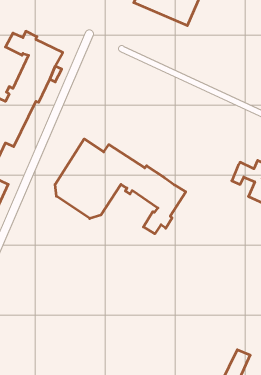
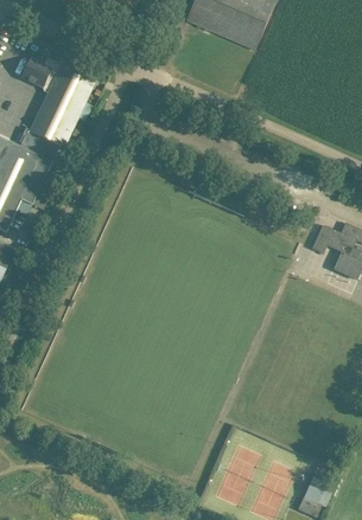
building: [55,139,186,234] -> none

